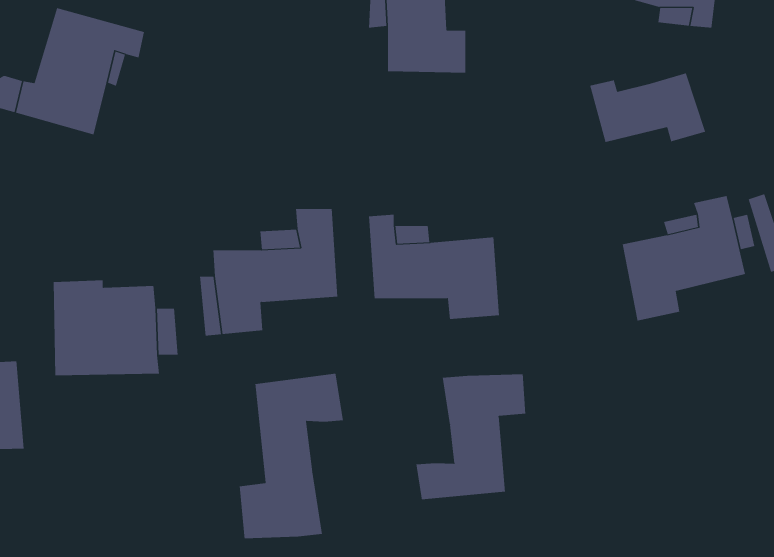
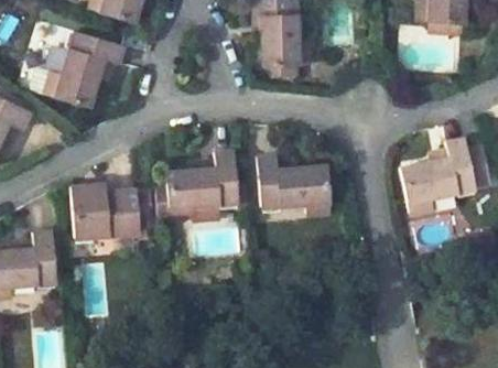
building: [589,72,706,143] -> none
building: [239,373,343,539] -> none
building: [416,373,526,500] -> none

